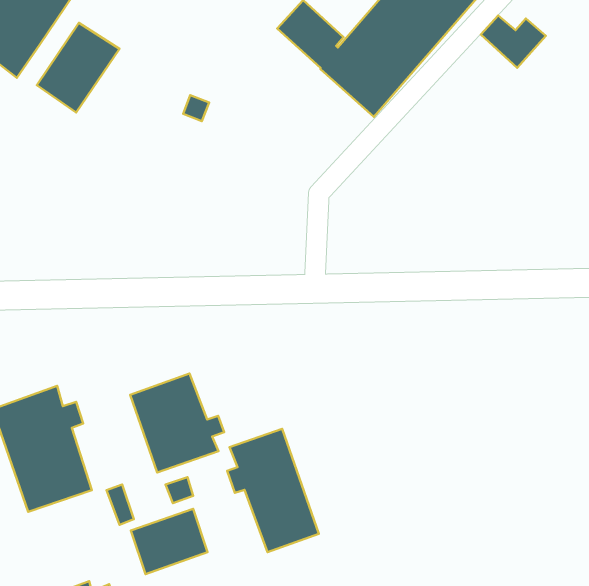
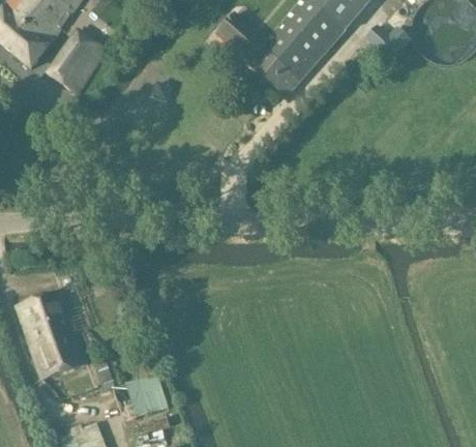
building: [130,374,224,473] -> none
building: [227,429,319,552] -> none

